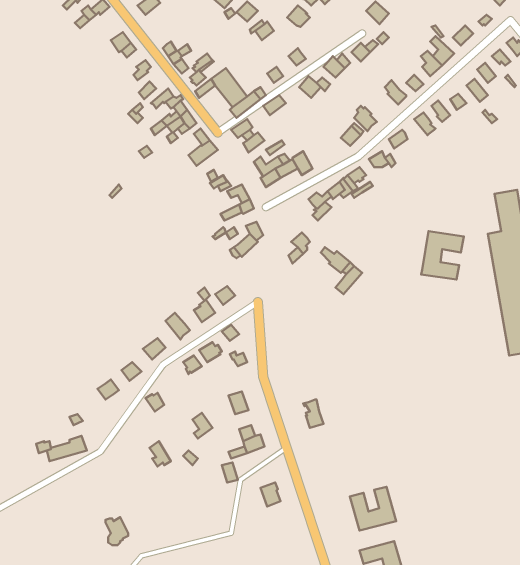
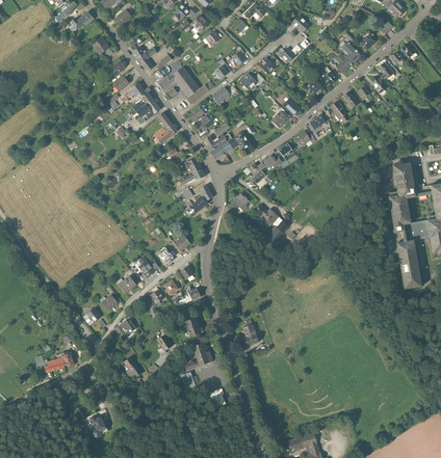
building: [421,231,464,280] -> none
building: [350,487,396,531] -> none

